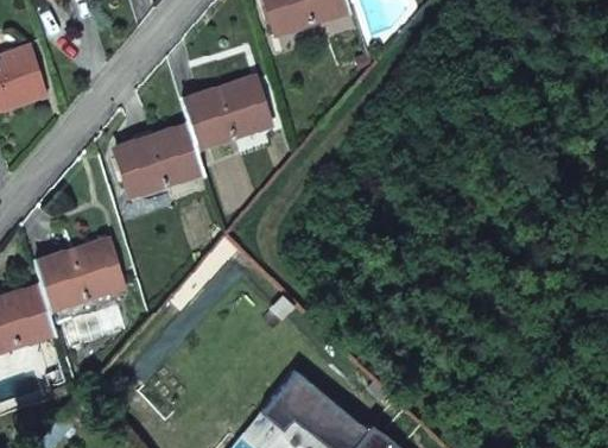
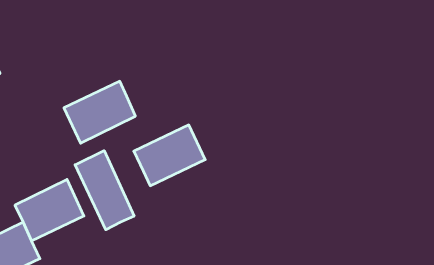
building: [182,77,270,146] -> [134,125,205,186]
building: none -> [75,151,134,230]

